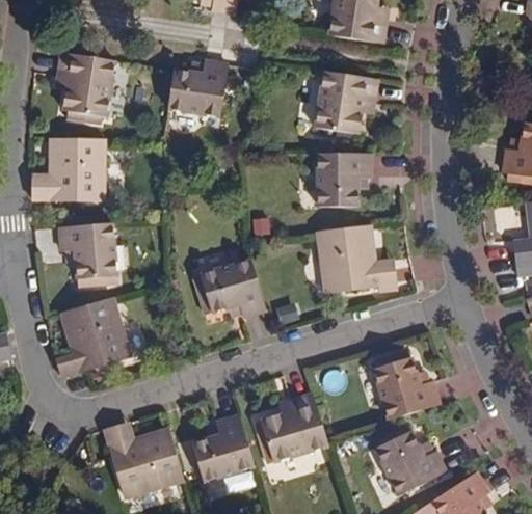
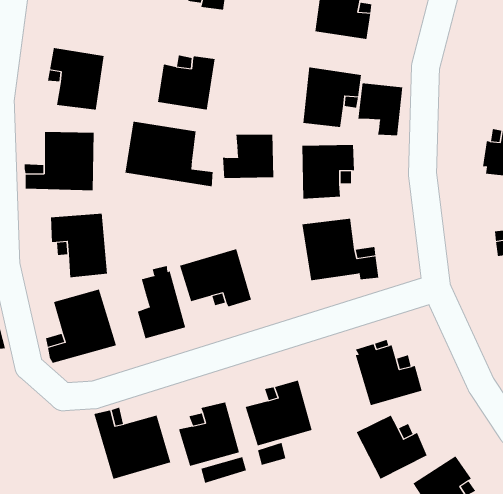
building: none -> [358,83,403,136]
building: none -> [125,121,213,187]
building: none -> [222,134,274,179]
building: none -> [137,265,186,339]

